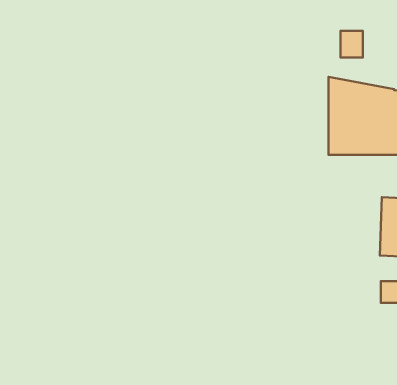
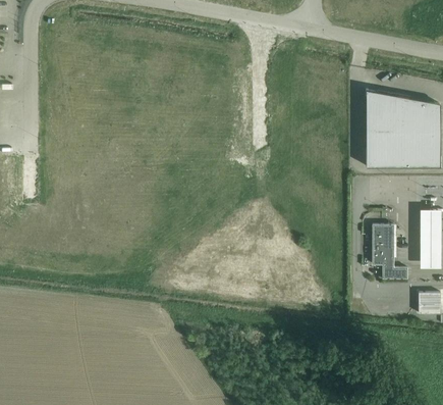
building: [341,31,363,58] -> none
building: none -> [372,224,406,279]

